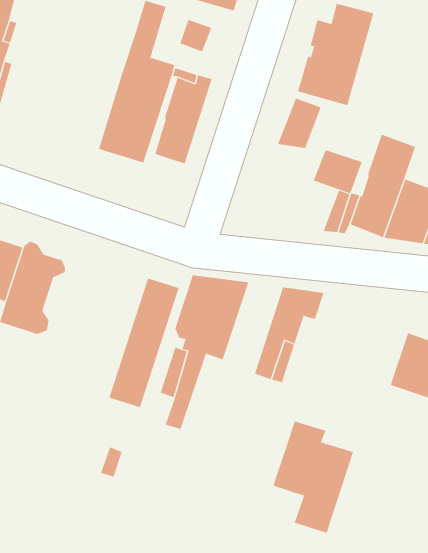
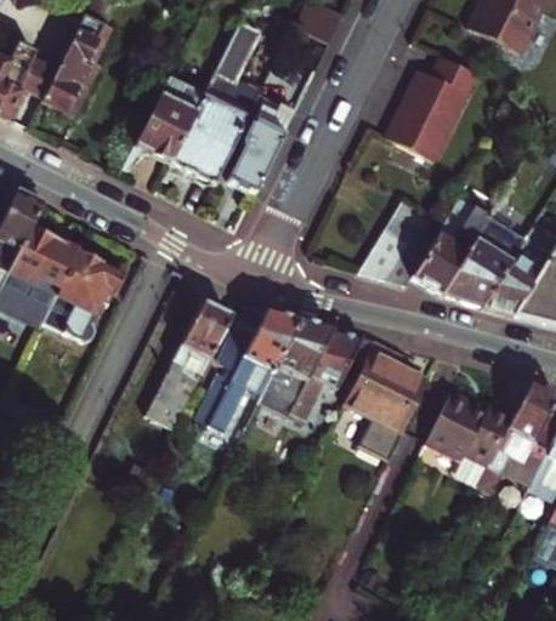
building: none -> [137,76,208,164]
building: [277,98,321,148] -> [358,227,408,279]
building: none -> [262,319,337,416]
building: [272,421,354,534] -> [346,342,432,460]

